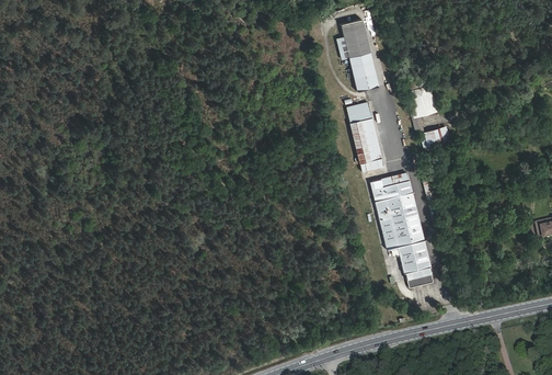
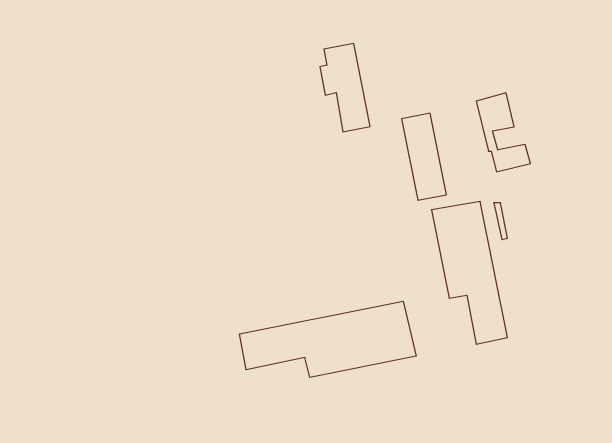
building: [337,19,378,90] -> [320,44,370,132]
building: none -> [240,301,416,377]

